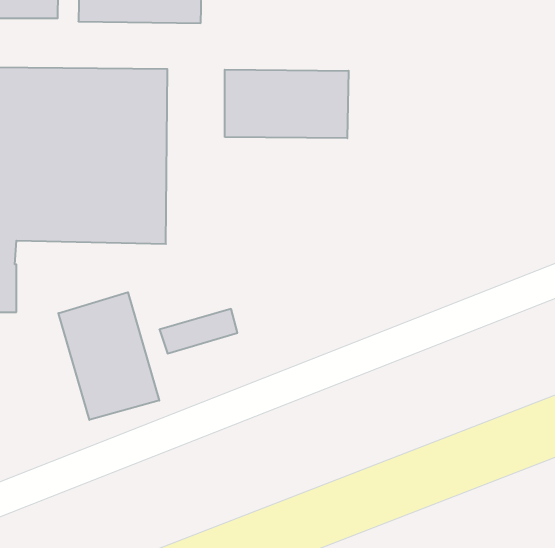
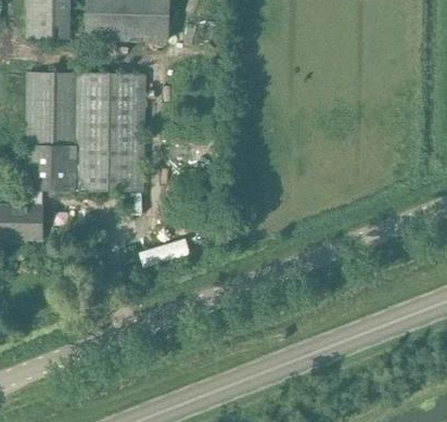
building: [225,70,349,138] -> none
building: [58,292,159,420] -> none

